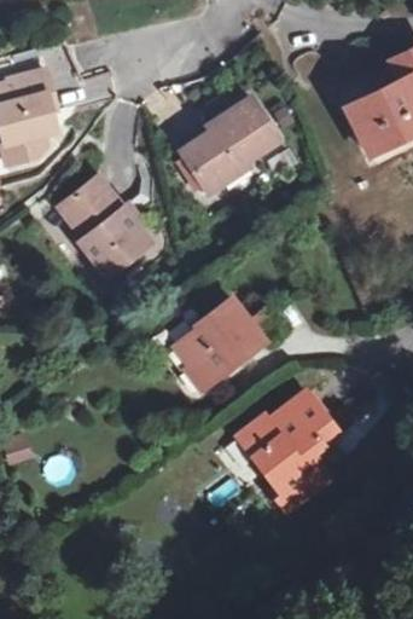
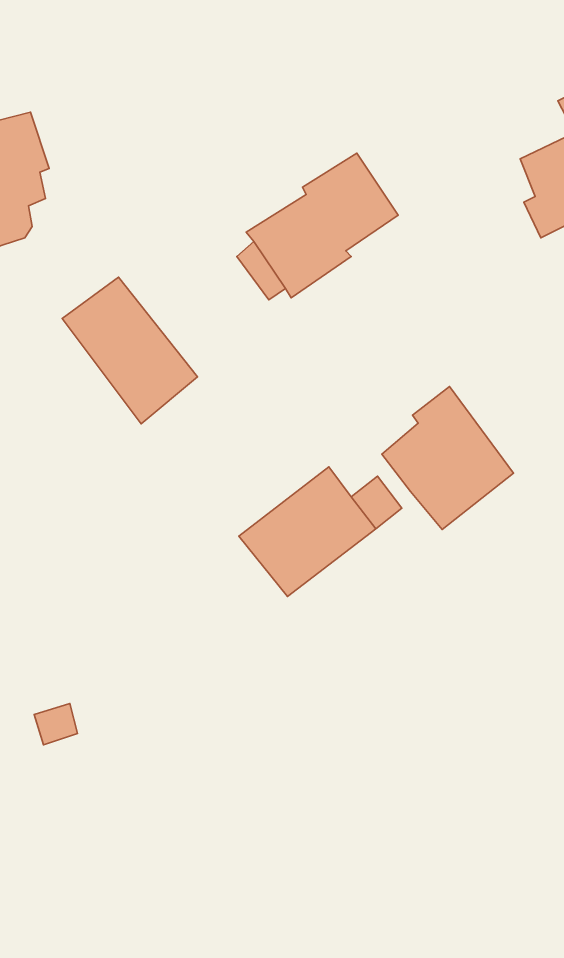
building: none -> [382,387,513,530]
building: [244,393,338,502] -> none

